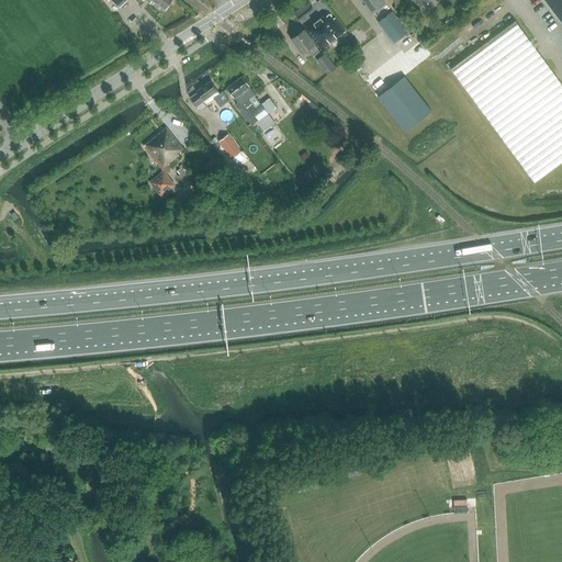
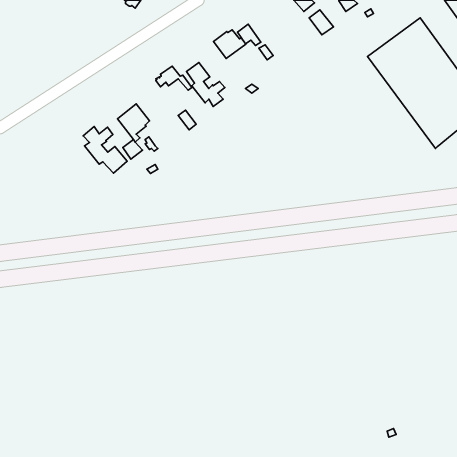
building: [307,14,347,49] -> [213,30,246,58]
building: [379,77,432,132] -> none
building: none -> [83,127,127,173]

